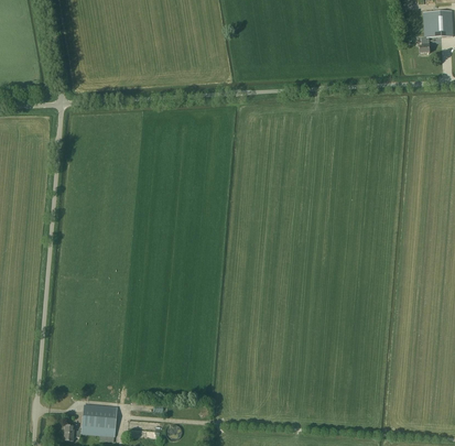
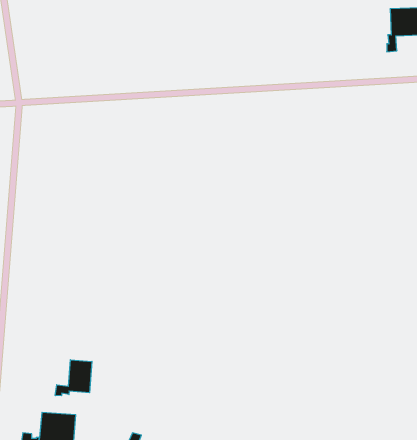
building: none -> [55,360,92,396]

